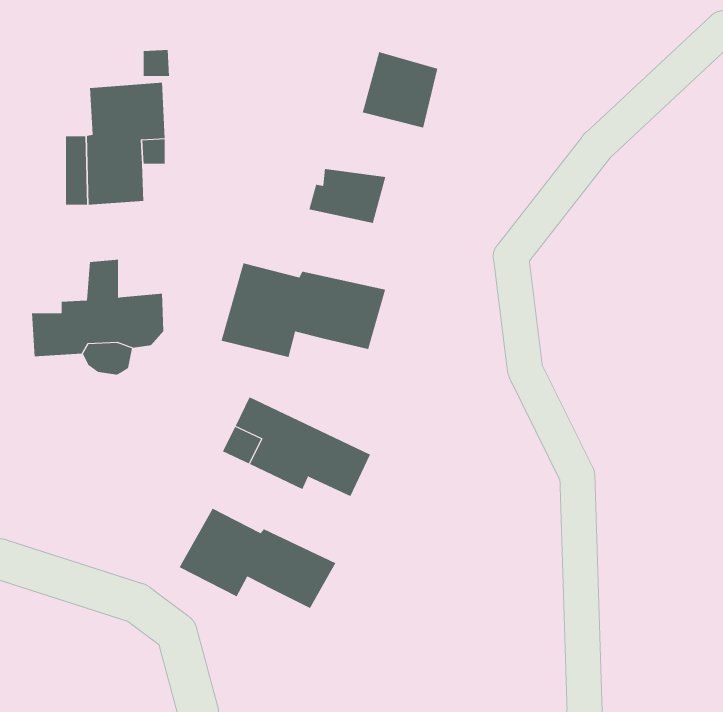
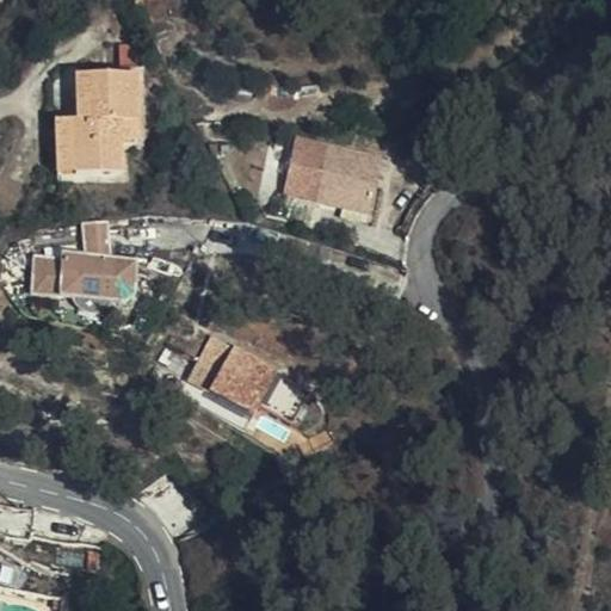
building: [362,52,438,128] -> [314,141,378,205]
building: [221,262,386,358] -> none
building: [179,508,336,609] -> none

